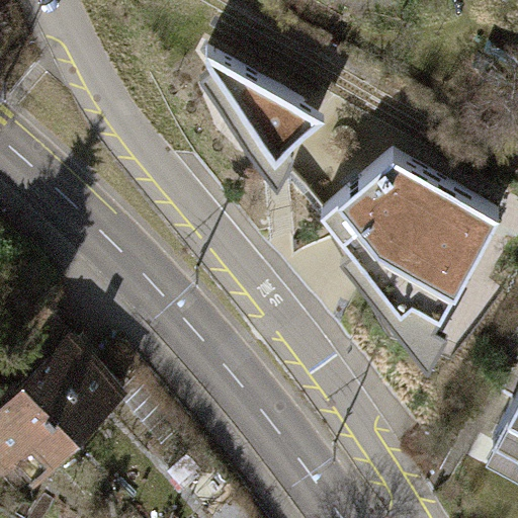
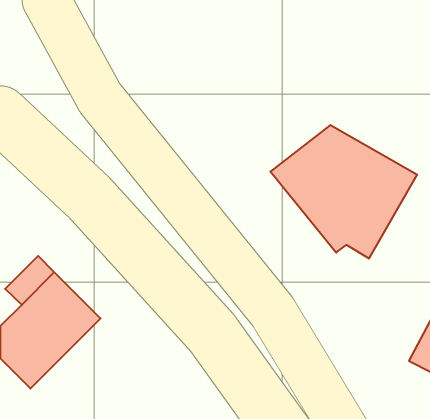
building: [208,60,323,167] -> none

